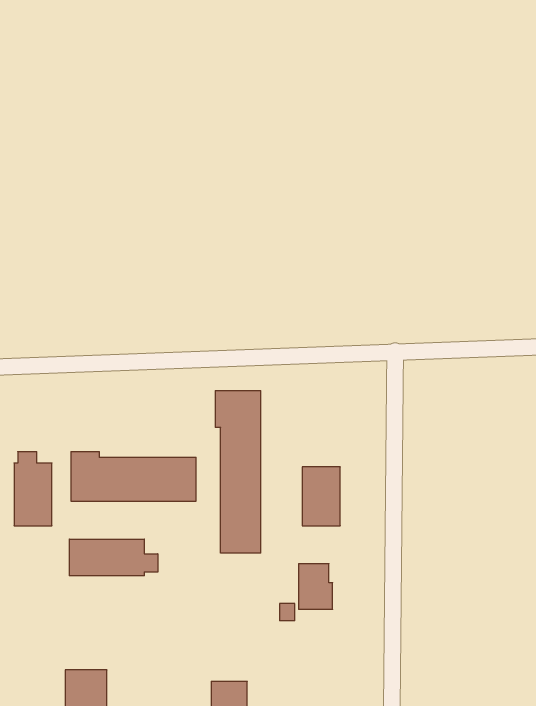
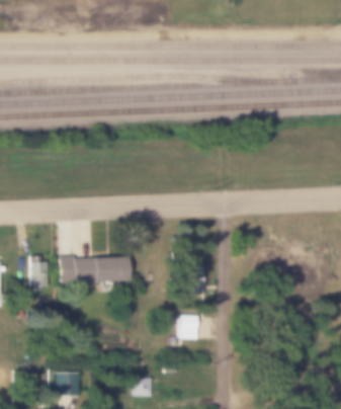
building: [215,391,261,553] -> none
building: [69,539,158,576] -> none

